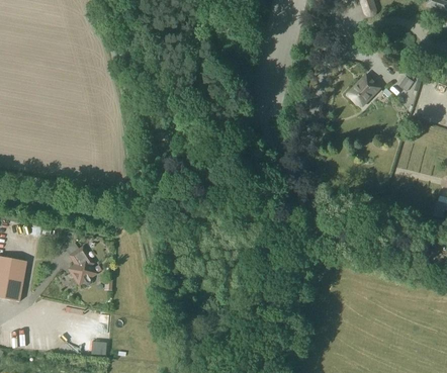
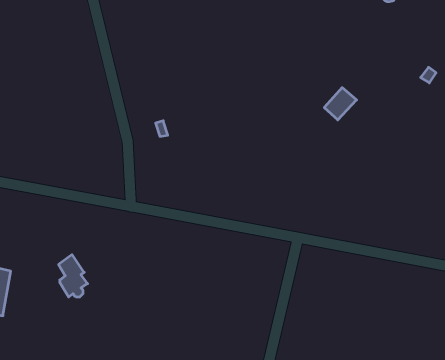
building: [350,77,379,106] -> [324,88,357,120]

